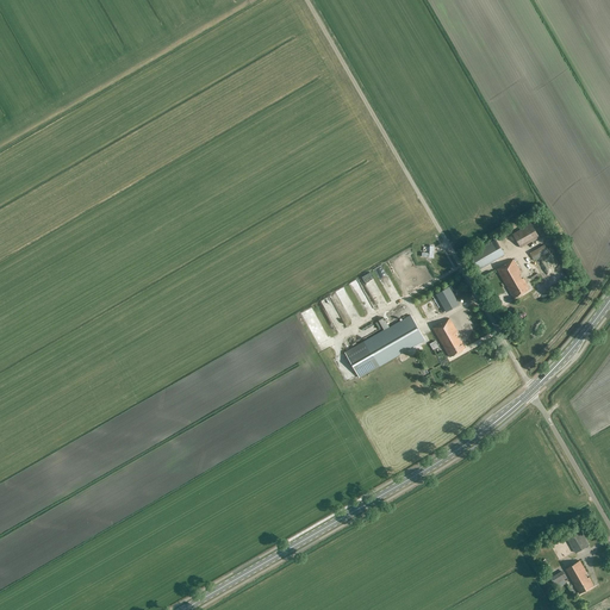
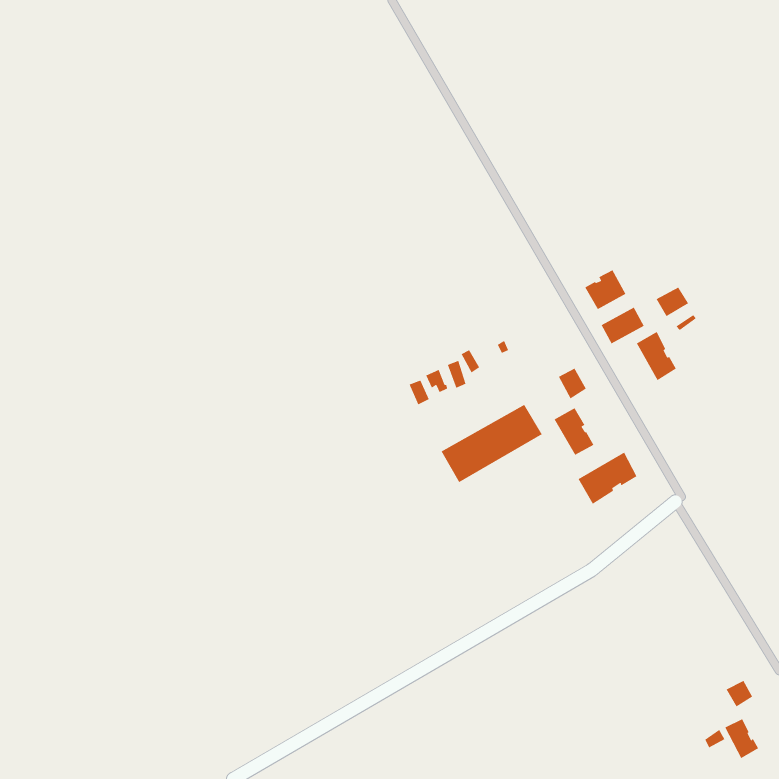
building: none -> [584,269,627,310]
building: none -> [577,451,638,505]

